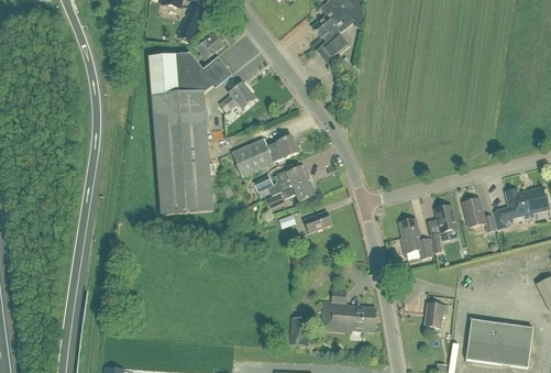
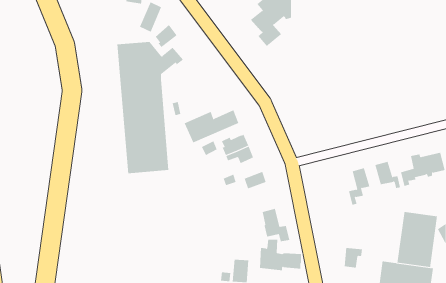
building: [219,81,255,112] -> none
building: [398,218,432,259] -> [262,208,290,242]
building: none -> [397,211,438,268]

